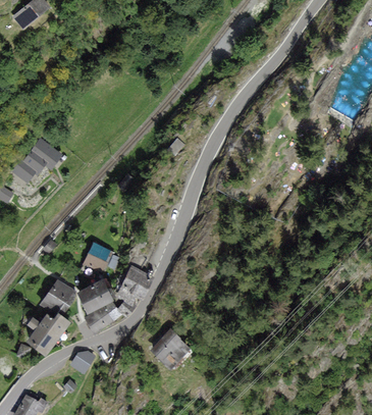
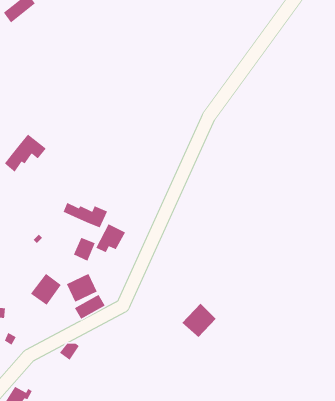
building: none -> [62,202,108,229]
building: [118,267,150,298] -> [95,223,126,253]
building: [28,315,66,352] -> none
building: [152,330,188,366] -> [181,303,216,338]

